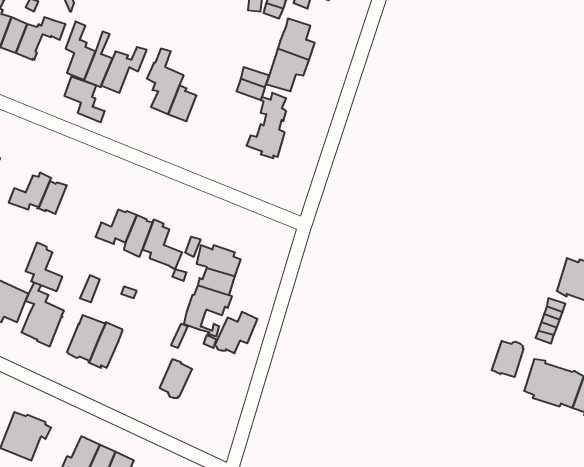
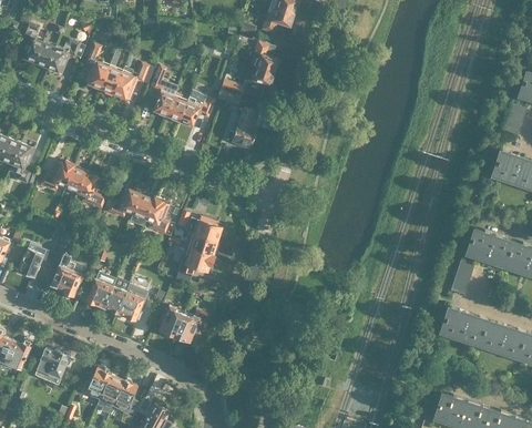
building: [64,76,105,122] -> none
building: none -> [178,91,214,128]
building: [25,243,62,291] -> [76,172,105,210]
building: [215,312,257,353] -> [173,310,206,343]
building: none -> [116,285,147,322]
building: [492,341,524,377] -> none

